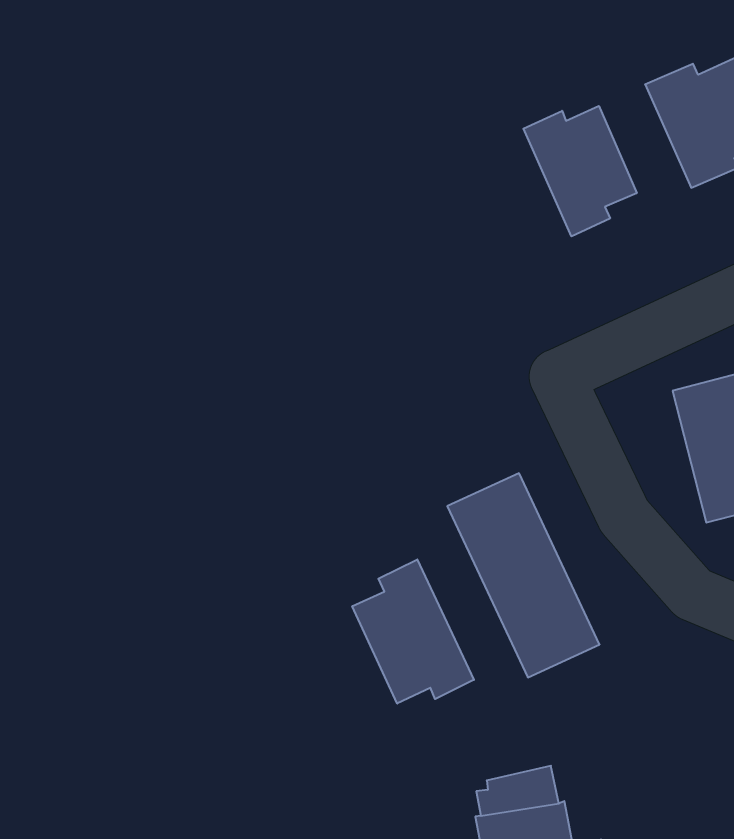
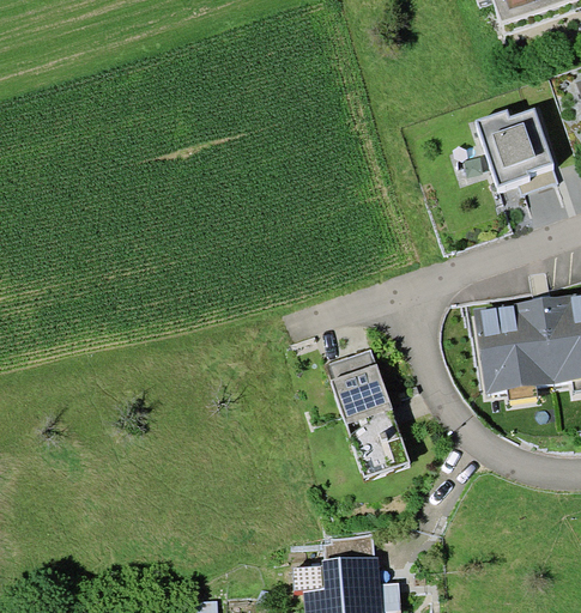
building: [523,106,637,236] -> none
building: [352,559,474,704] -> none

